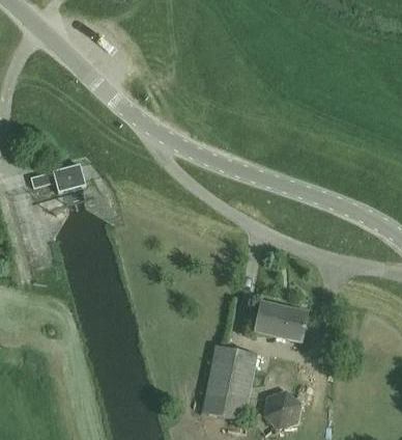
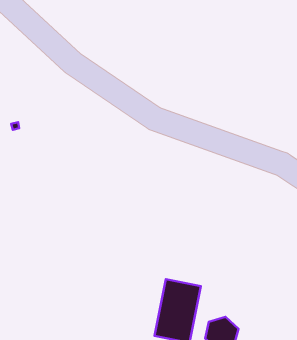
building: [30,164,85,193] -> none
building: [254,301,307,342] -> none

